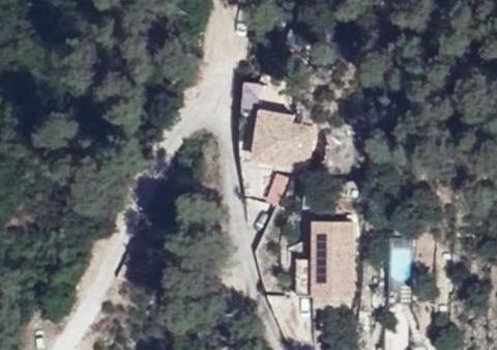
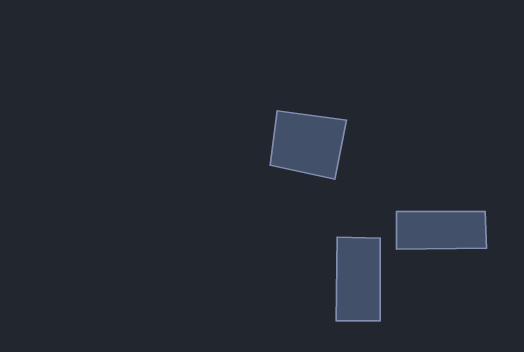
building: none -> [396,211,486,249]

